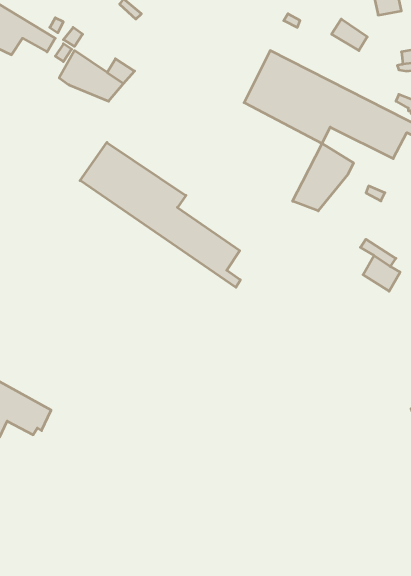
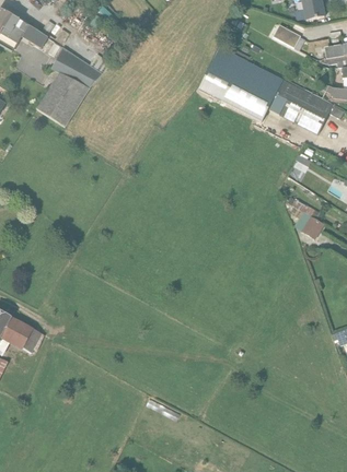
building: none -> [35,73,90,125]
building: [80,142,240,287] -> none
building: [293,144,353,211] -> none

